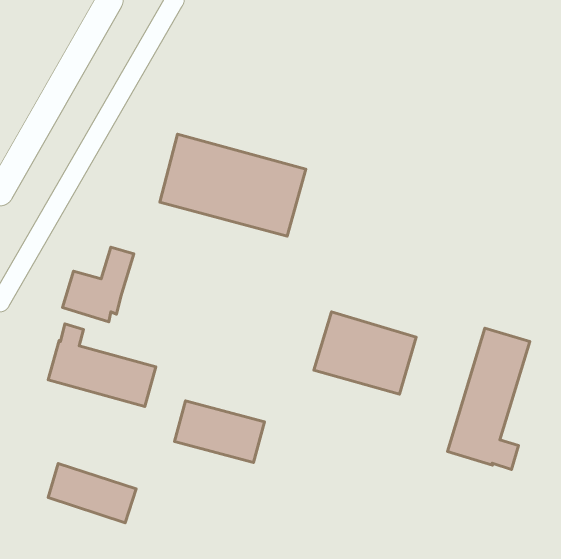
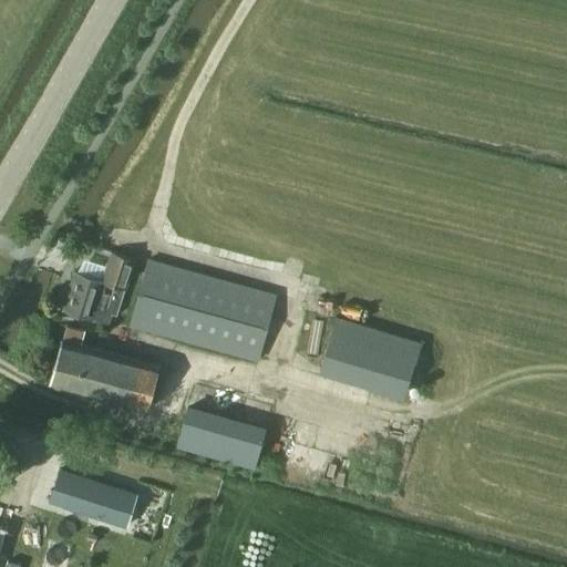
building: [160,134,306,236] -> [130,260,277,363]
building: [447,328,530,470] -> none

